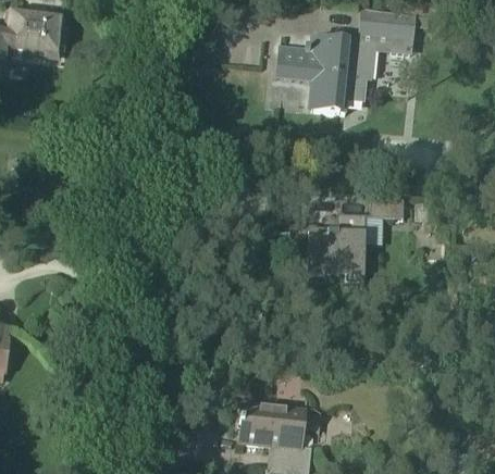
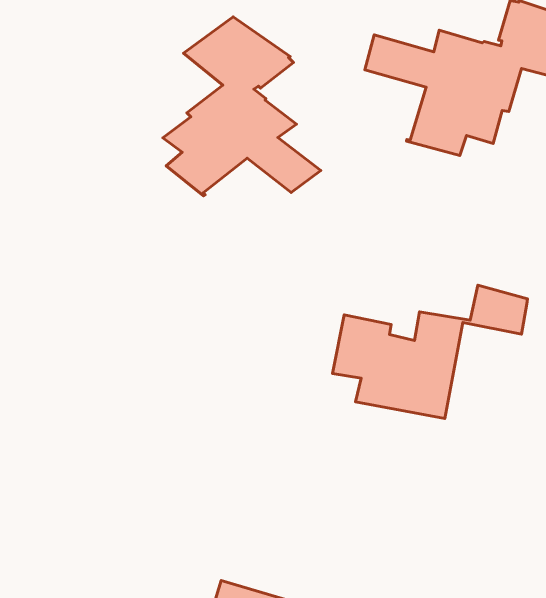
building: none -> [163,17,321,196]

